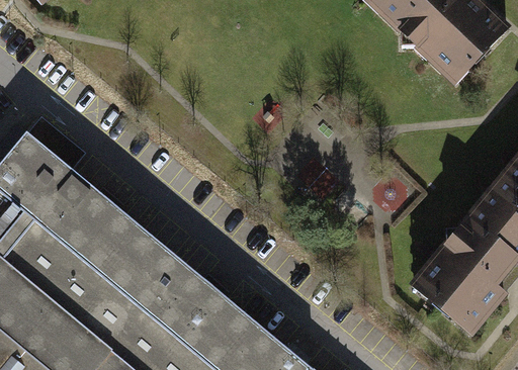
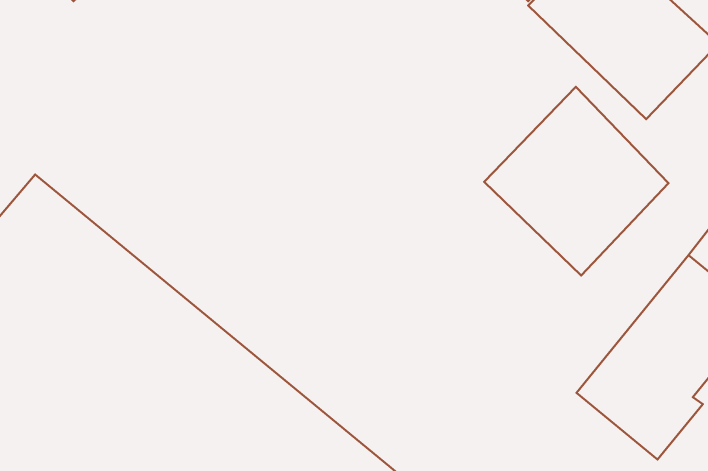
building: none -> [484,87,668,275]

